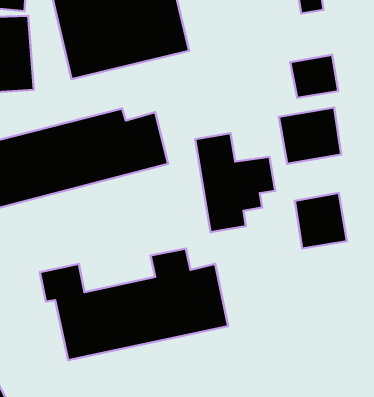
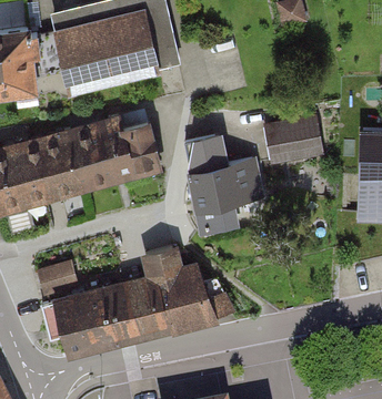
building: [290,55,338,98] -> none
building: [295,193,347,248] -> none

